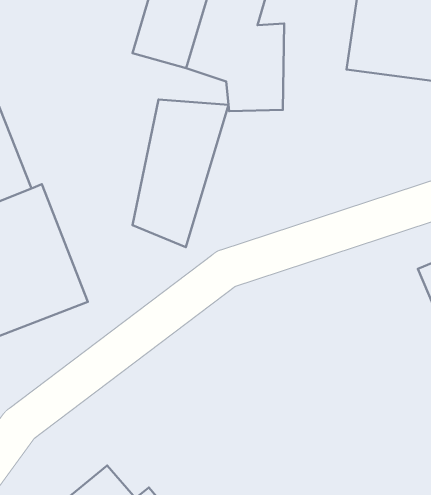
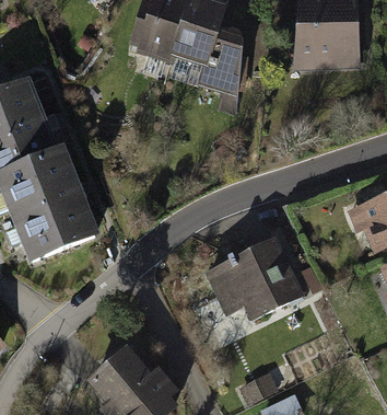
building: [133,99,229,247] -> none
building: none -> [198,241,293,321]

